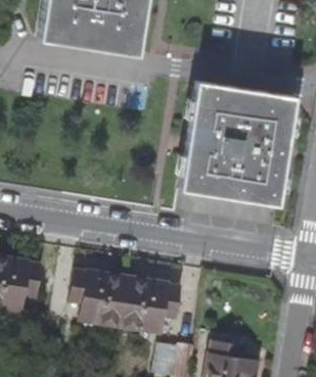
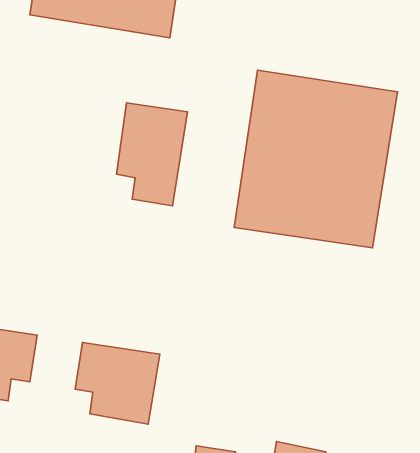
building: none -> [116,103,187,206]
building: [122,278,183,332] -> none

